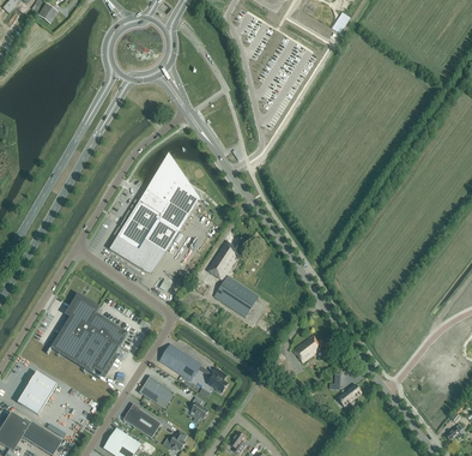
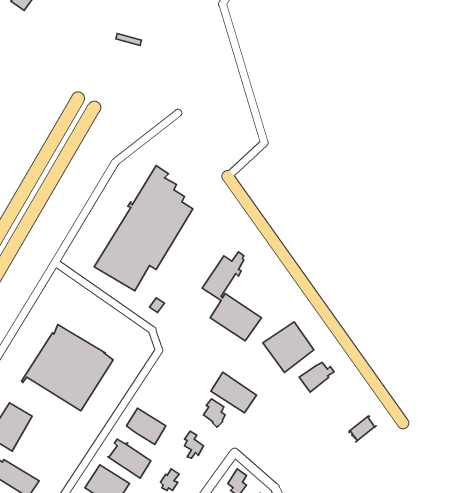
building: none -> [263,322,314,373]
building: [159,343,200,379] -> [211,372,257,413]

